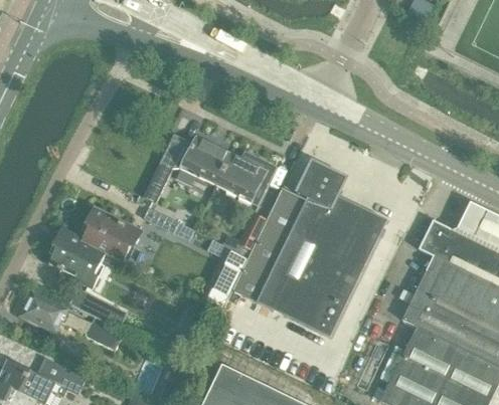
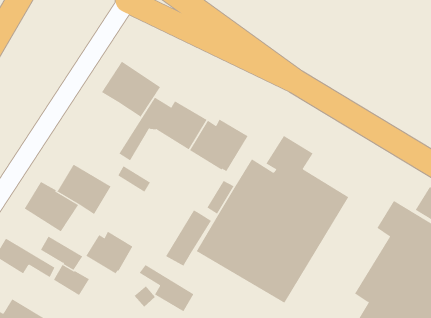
building: none -> [101,61,161,118]
building: none -> [86,231,133,274]
building: none -> [139,264,194,312]

